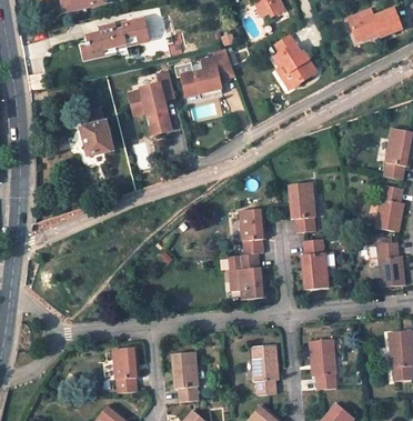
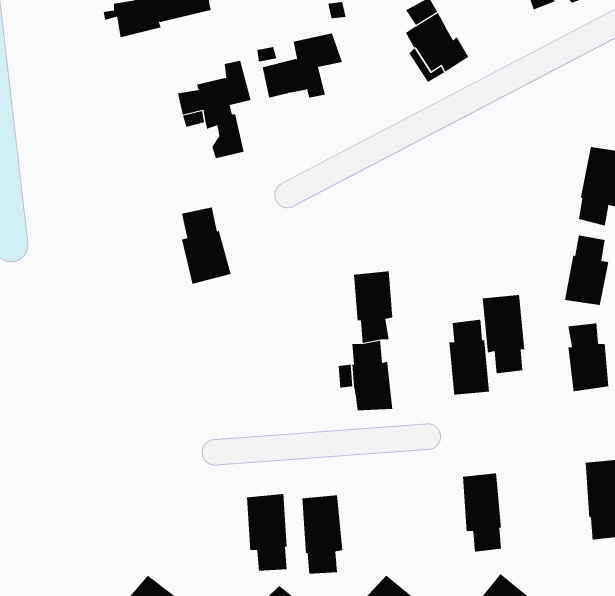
building: [80,107,112,157] -> [181,207,231,284]
building: [288,182,315,233] -> [482,295,525,374]
building: [252,344,279,395] -> [302,495,343,574]
building: [112,348,140,393] -> none

